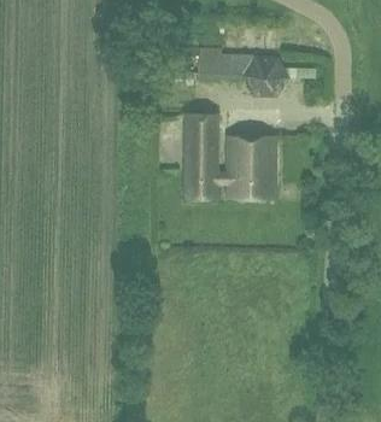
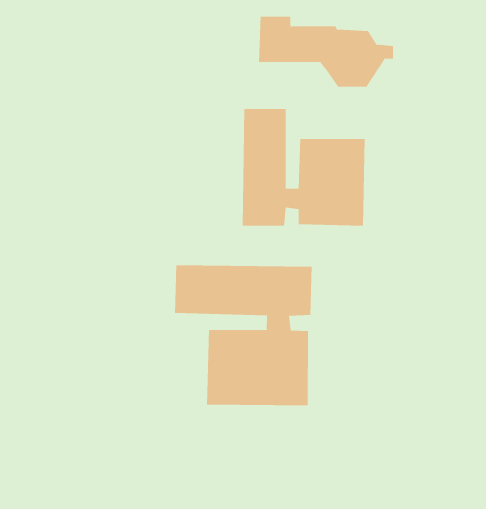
building: none -> [175,264,312,406]

